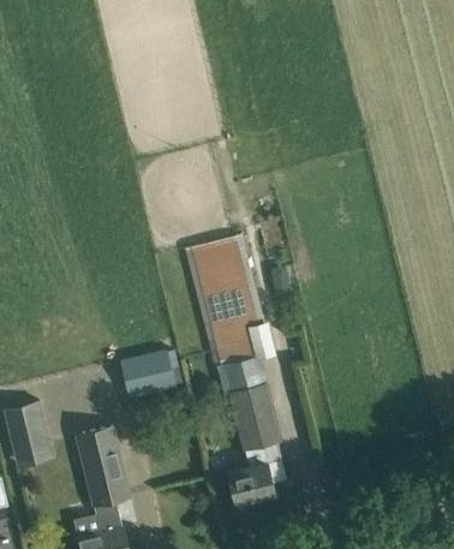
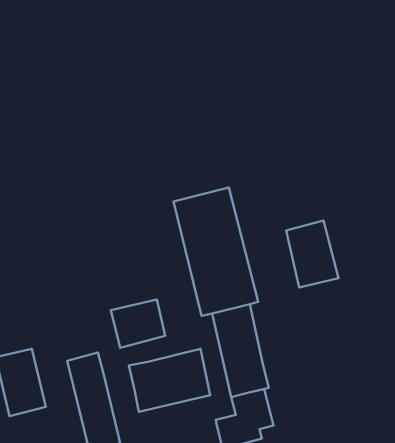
building: none -> [286,221,338,287]
building: none -> [129,349,210,412]

